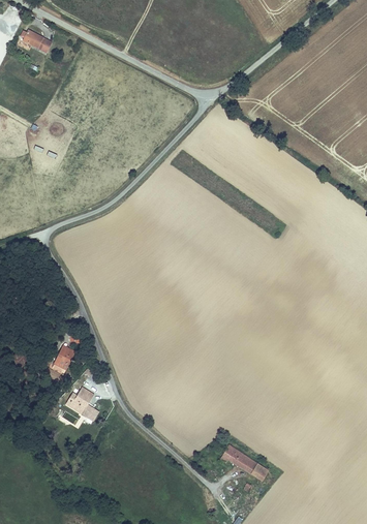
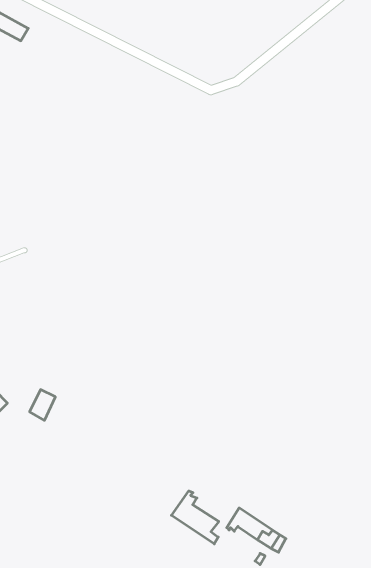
building: [65,387,99,422] -> none
building: none -> [171,491,219,544]

